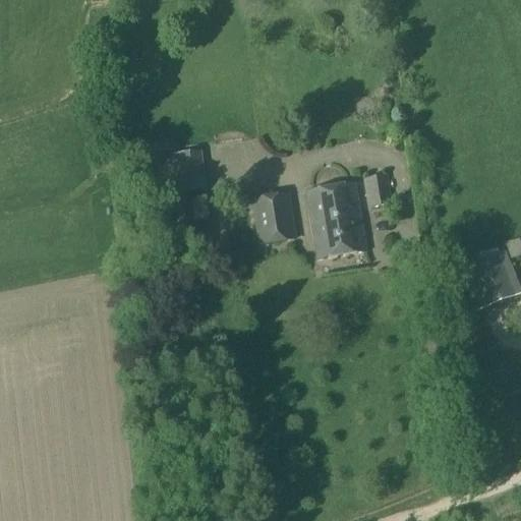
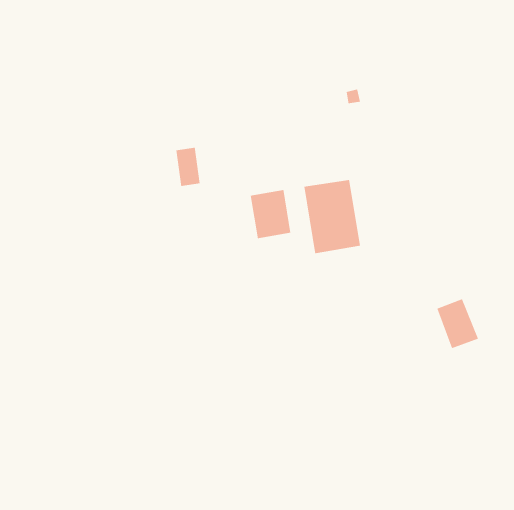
building: [363,172,392,205] -> none
building: [471,252,514,303] -> [436,299,479,349]

